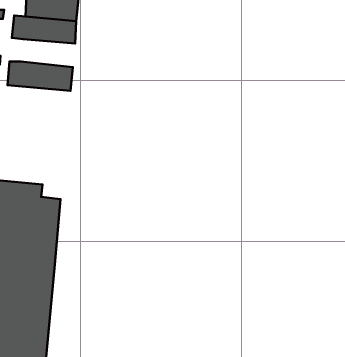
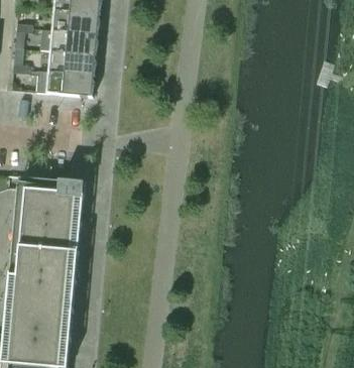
building: none -> [46,50,95,76]

